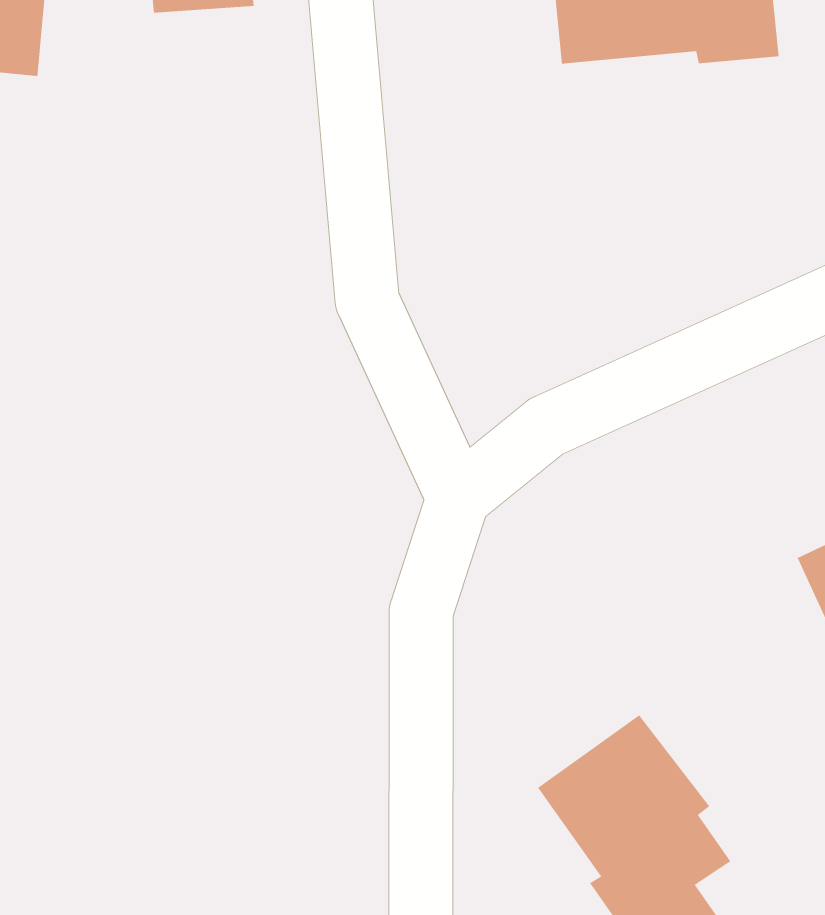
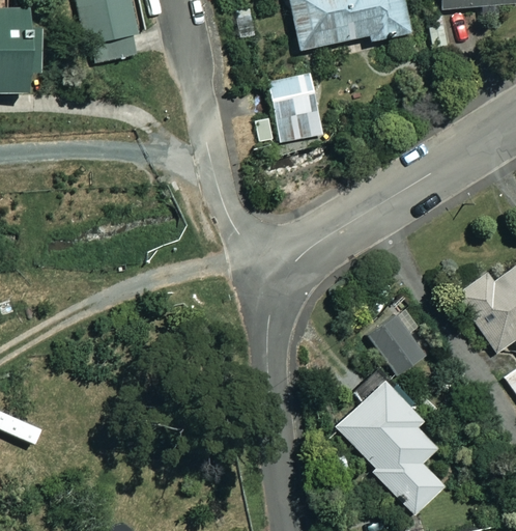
building: none -> [268,72,323,141]
building: none -> [367,313,427,376]

